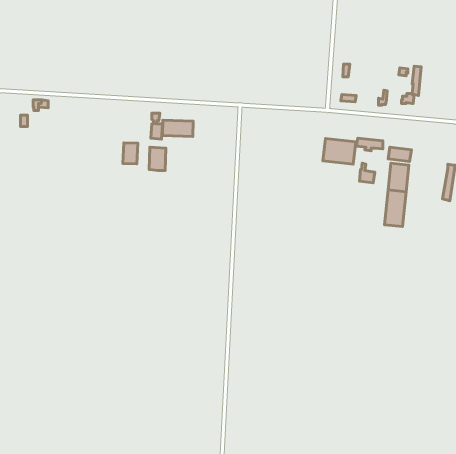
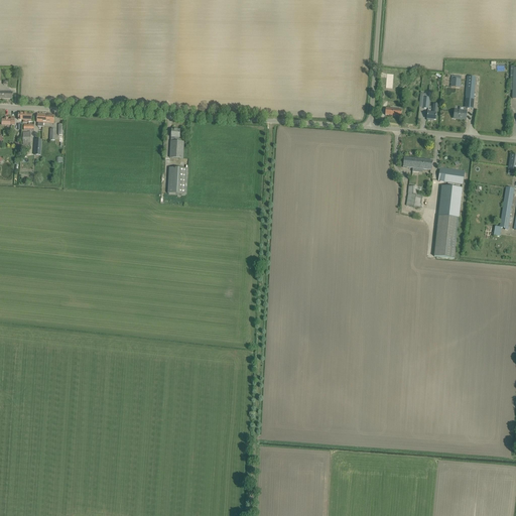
building: [162,120,193,137] -> none
building: [323,138,356,164] -> none
building: [123,143,138,164] -> none

